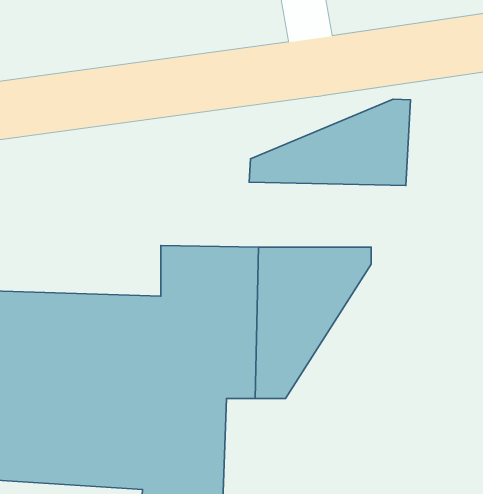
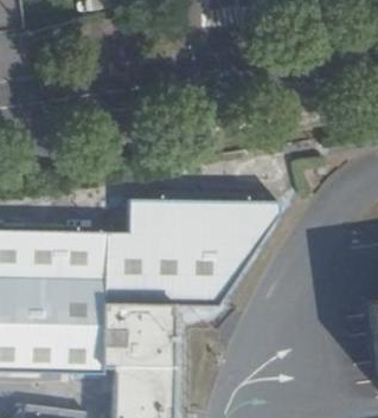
building: [249,99,410,186] -> none

